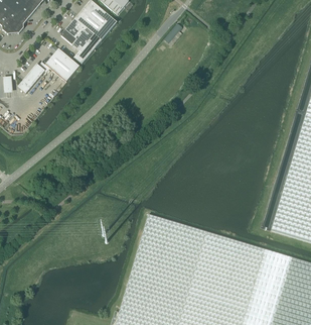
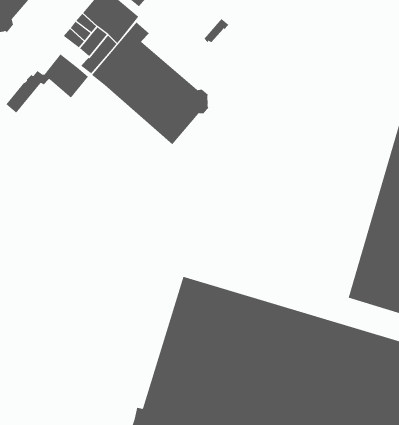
building: none -> [91,22,210,145]

